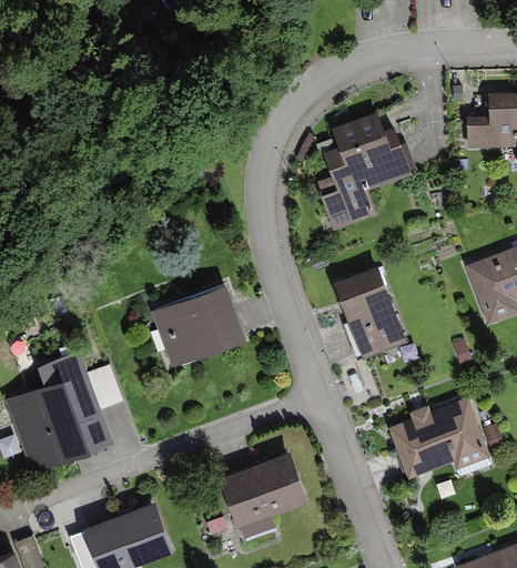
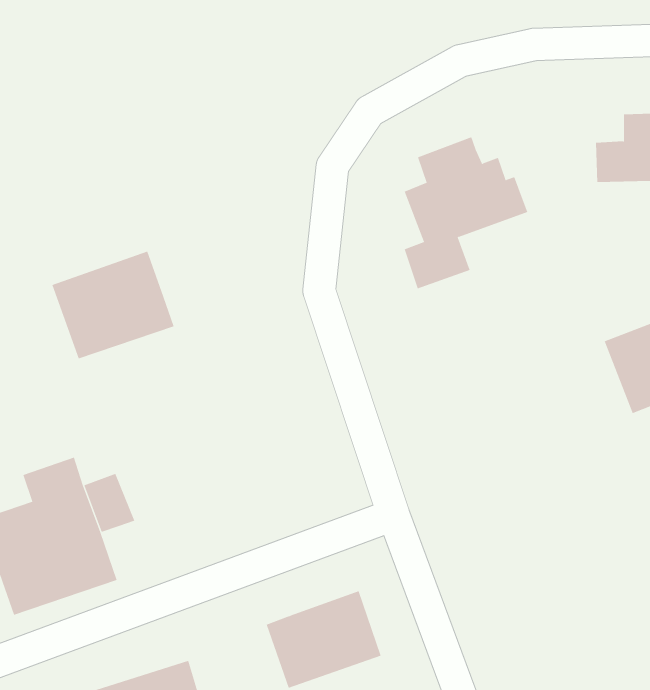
building: [334,266,406,358] -> none
building: [152,285,244,366] -> [51,251,175,359]
building: [388,397,489,477] -> none

